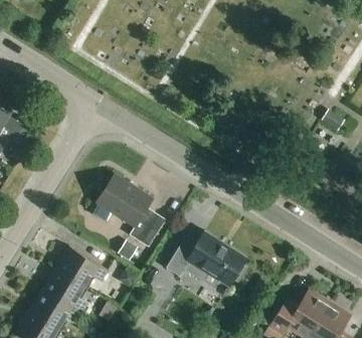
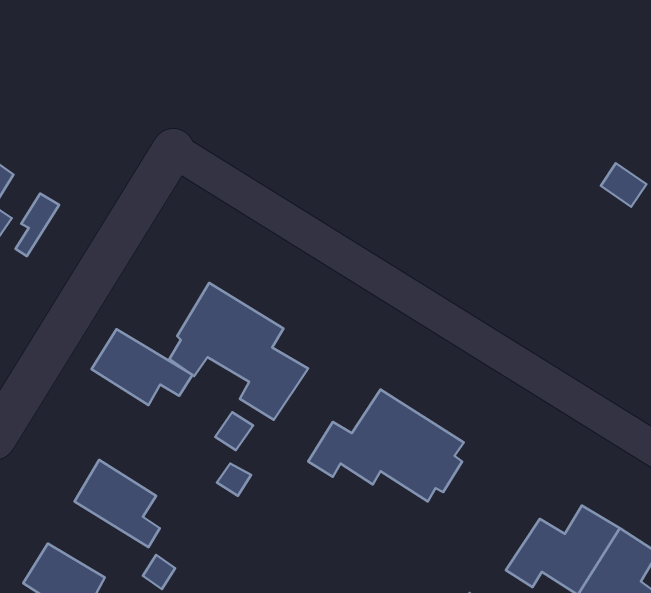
building: [55,245,109,286] -> [92,329,192,405]
building: [28,289,81,329] -> none

